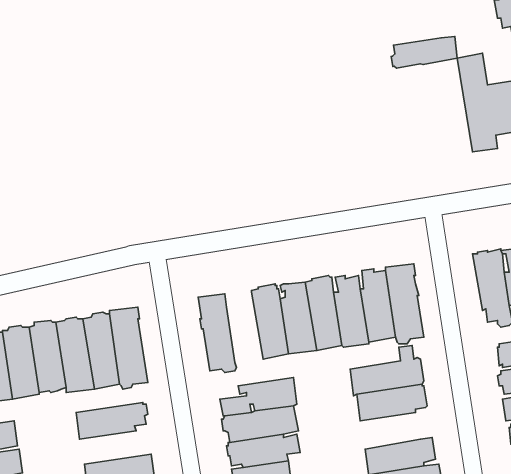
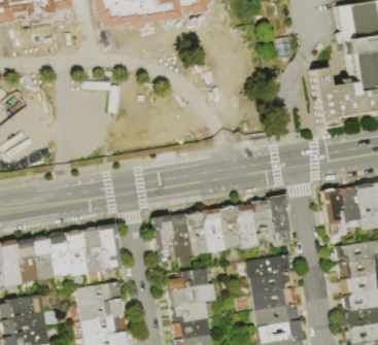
building: [391,36,457,68] -> none
building: none -> [168,213,191,267]
building: none -> [250,287,296,311]
building: none -> [77,299,123,320]

